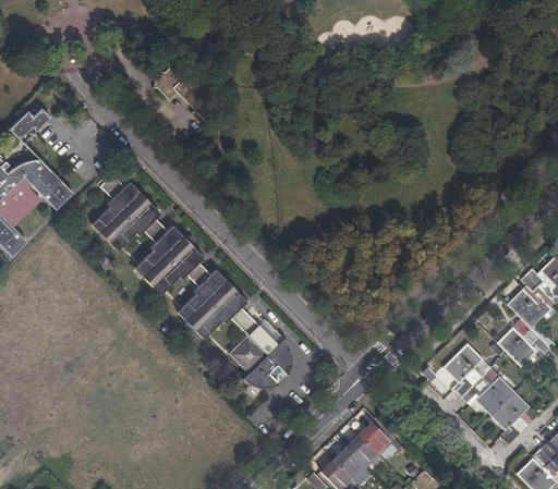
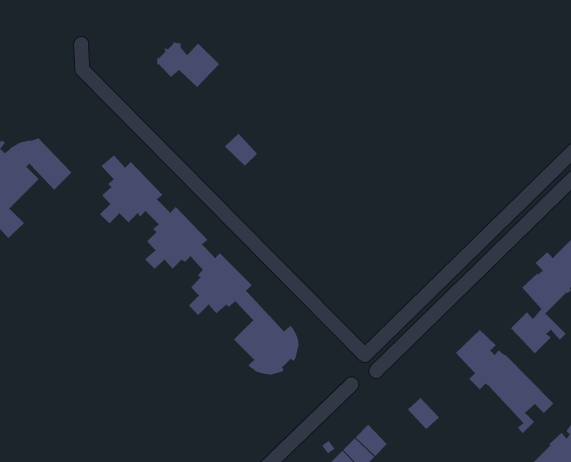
building: [9,107,49,138] -> none
building: none -> [224,133,258,166]
building: [359,423,390,454] -> [407,397,440,430]

